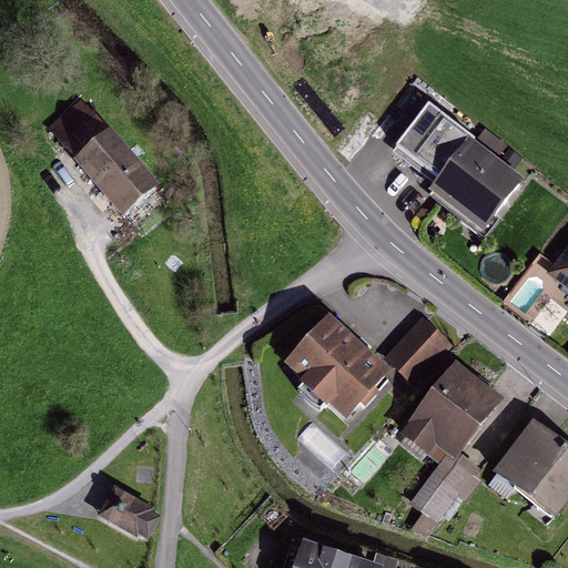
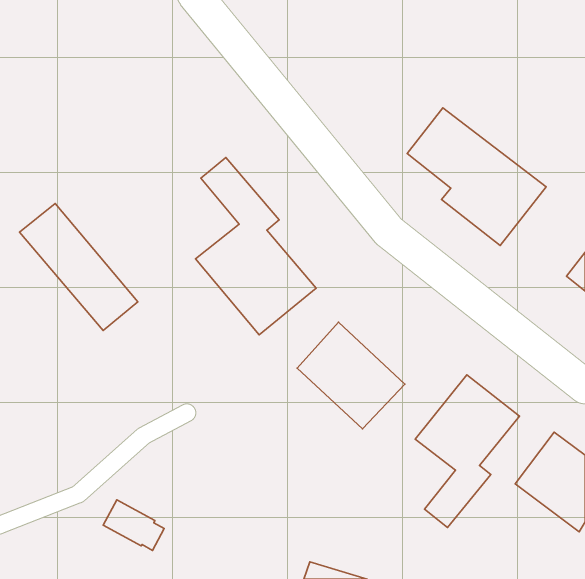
building: [50,101,164,224] -> [20,203,138,331]
building: none -> [196,157,316,335]
building: [385,317,450,384] -> none

